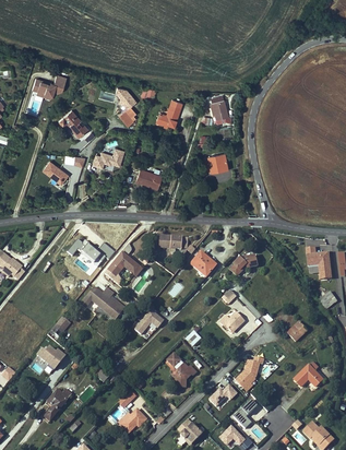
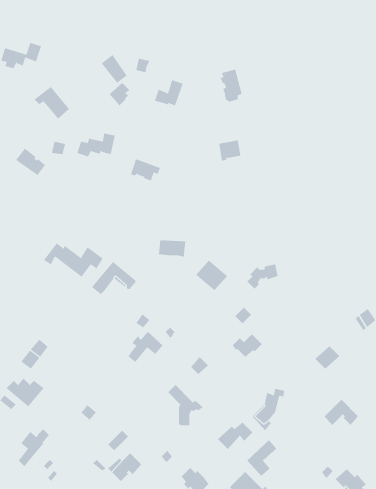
building: [306,245,332,279] -> none
building: [81,286,124,319] -> none

